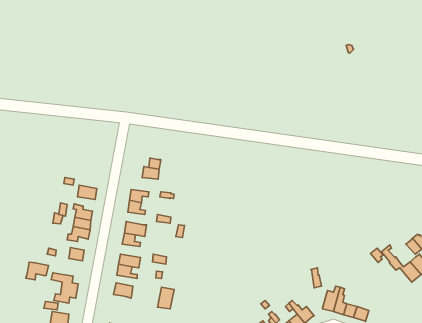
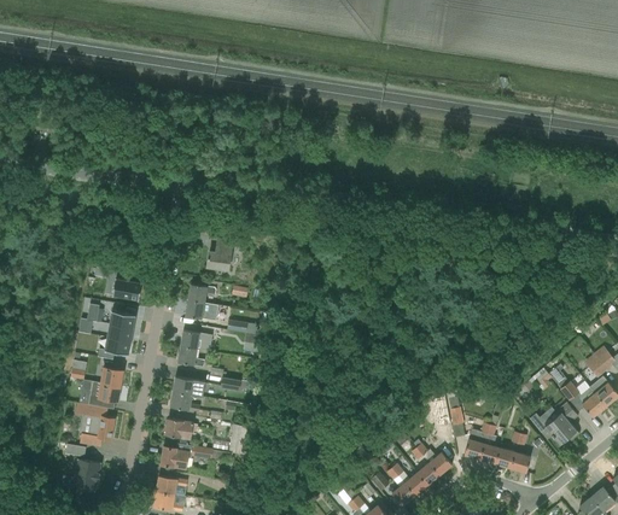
building: [26,262,49,280] -> [87,382,119,408]
building: none -> [529,403,579,444]
building: none -> [159,444,211,469]

